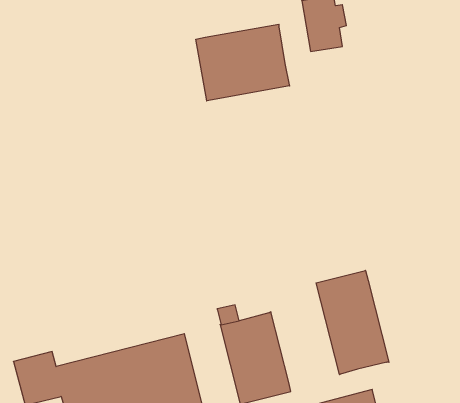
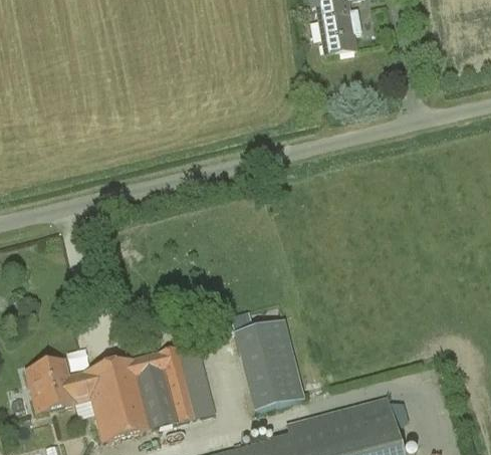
building: [196,24,290,101] -> none
building: [316,270,389,375] -> none

